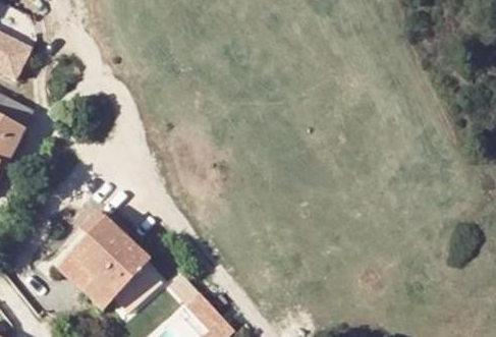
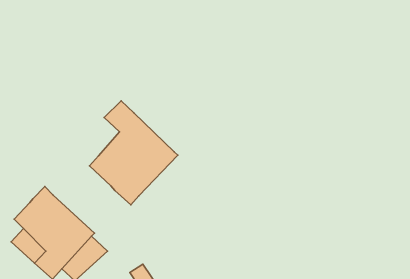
building: none -> [90,101,178,205]

